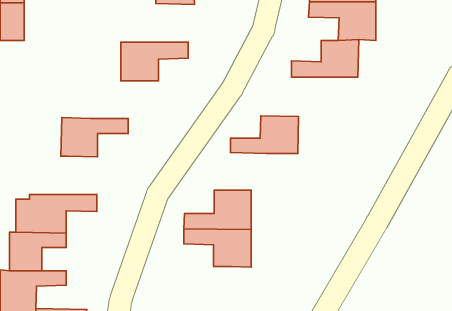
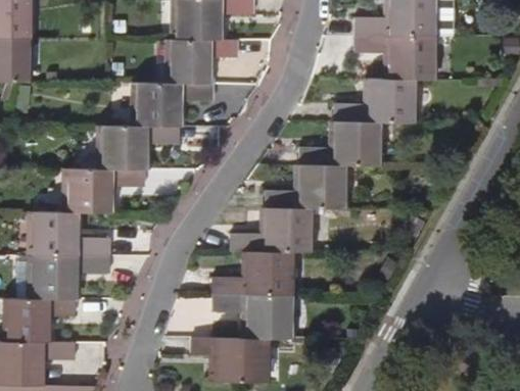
building: none -> [162,38,239,82]
building: none -> [299,121,377,166]
building: none -> [105,125,183,168]
building: none -> [229,207,305,250]
building: none -> [36,211,112,255]
building: none -> [192,337,266,381]

